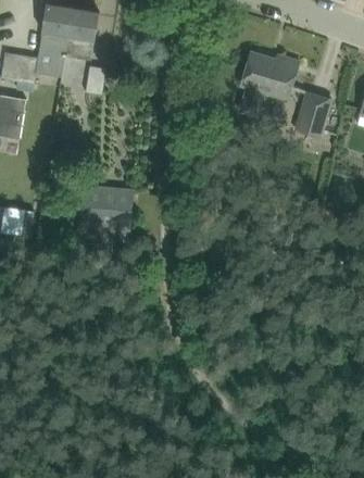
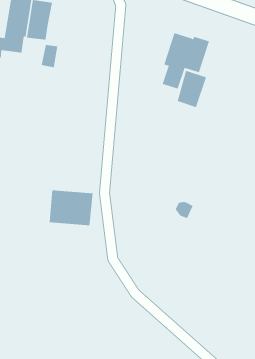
building: [296,91,334,139] -> [177,70,207,108]
building: [77,184,134,229] -> [49,190,93,226]

